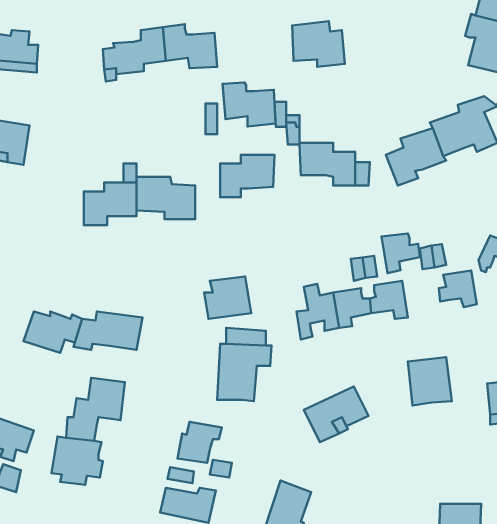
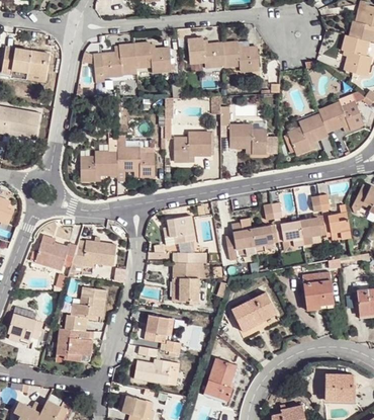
building: [223,82,275,126] -> [188,38,224,69]
building: [382,234,420,273] -> [299,218,325,245]

